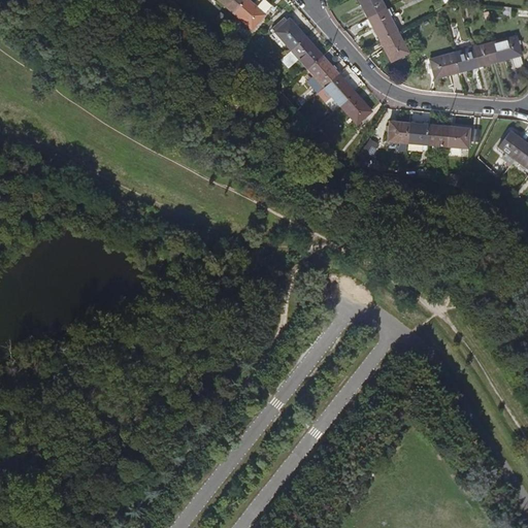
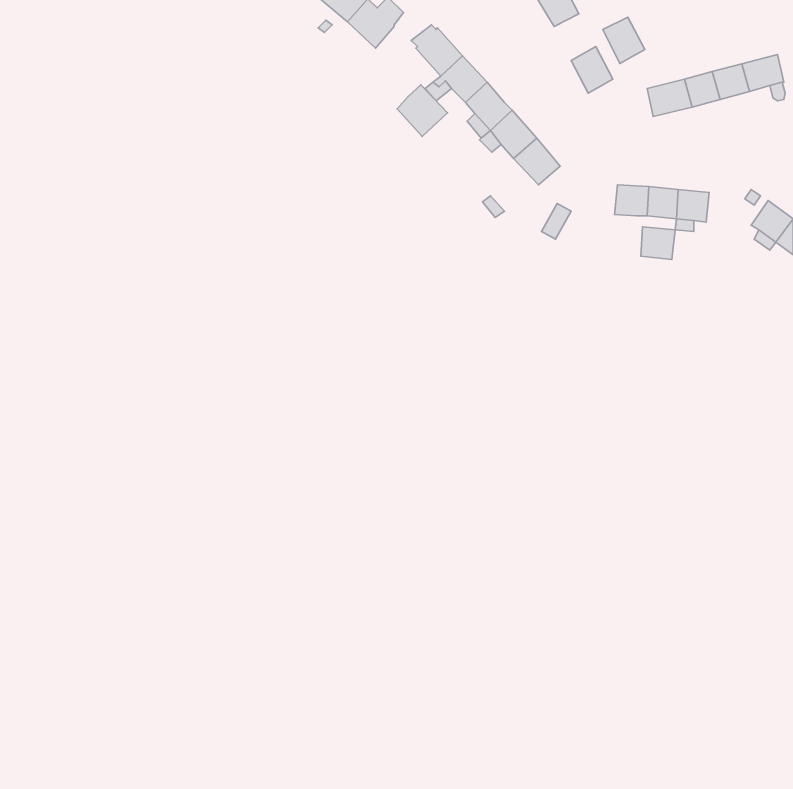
building: [368,9,396,40] -> [603,17,645,64]
building: none -> [397,85,447,136]
building: [388,121,410,142] -> [641,227,675,259]

